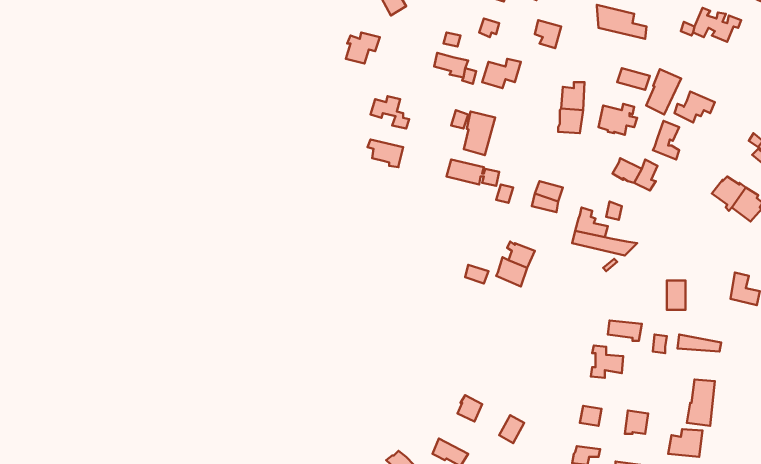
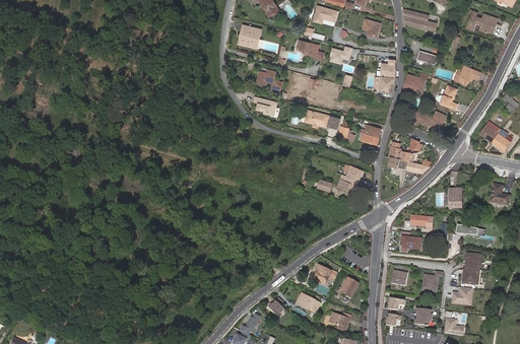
building: [646,69,681,114] -> none
building: [464,111,495,155] -> none

